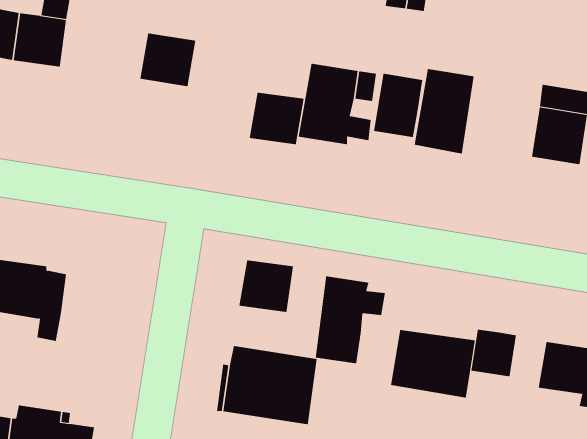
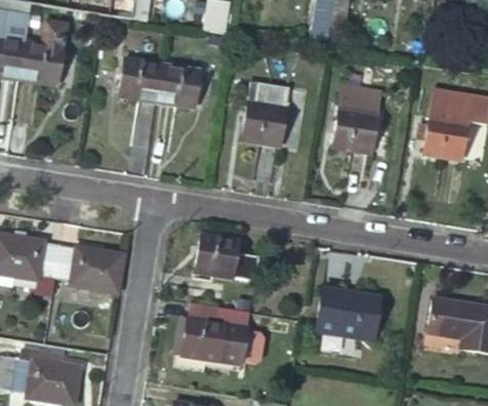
building: [374,73,423,138] -> none
building: [249,92,304,145] -> [158,65,201,106]
building: none -> [59,245,128,292]
building: [315,276,385,364] -> none
building: [471,329,516,377] -> none

